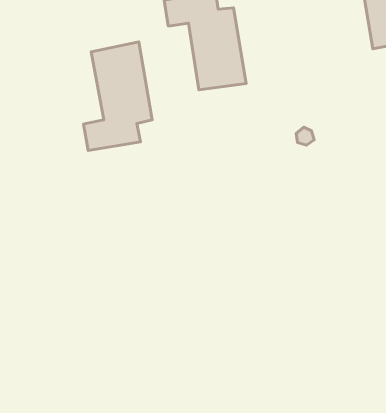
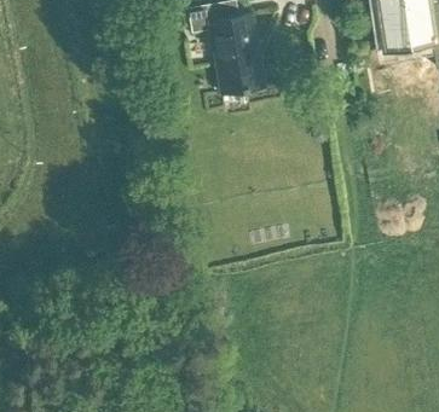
building: [83,42,152,150] -> none

